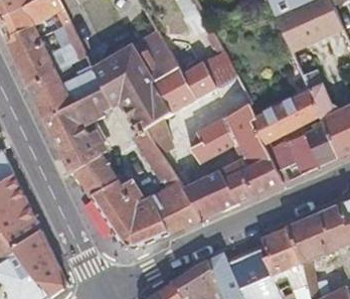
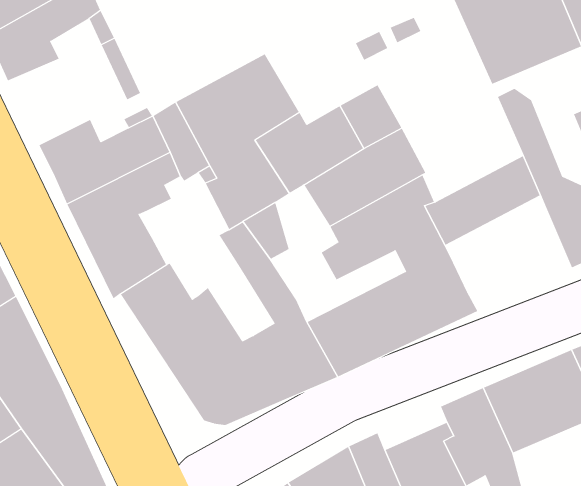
building: [9,35,57,86] -> none
building: [267,122,337,173] -> none

